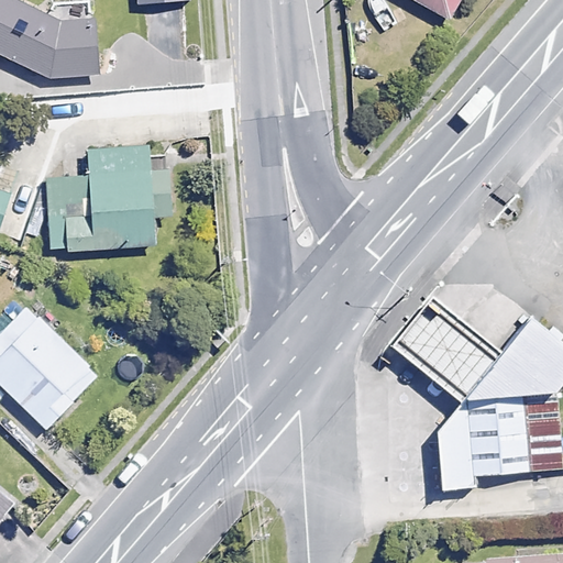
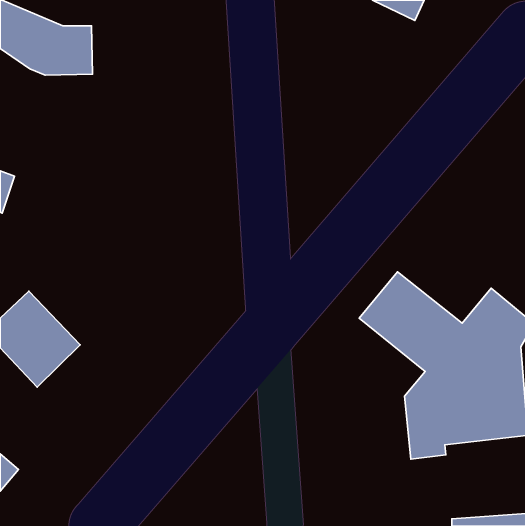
building: [47,155,173,252] -> none

